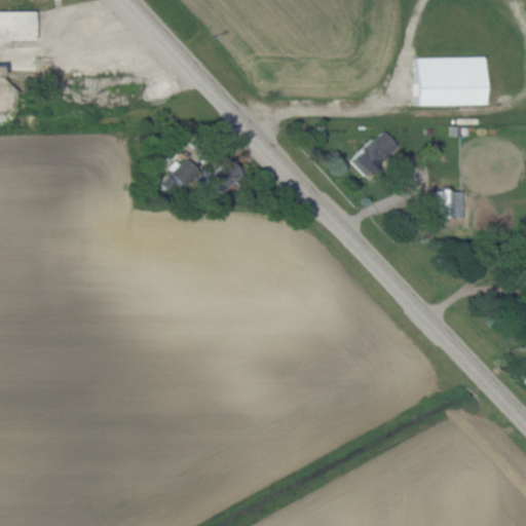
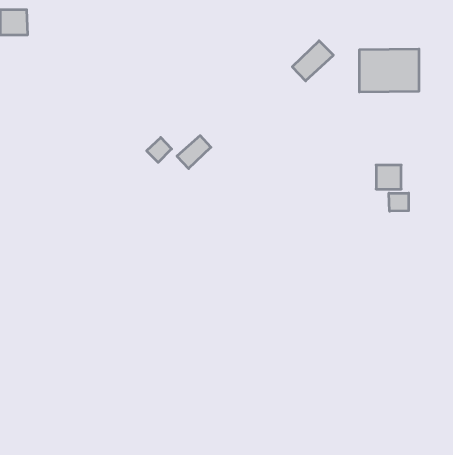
building: [353,130,401,177] -> [292,41,333,81]
building: none -> [389,193,409,211]

